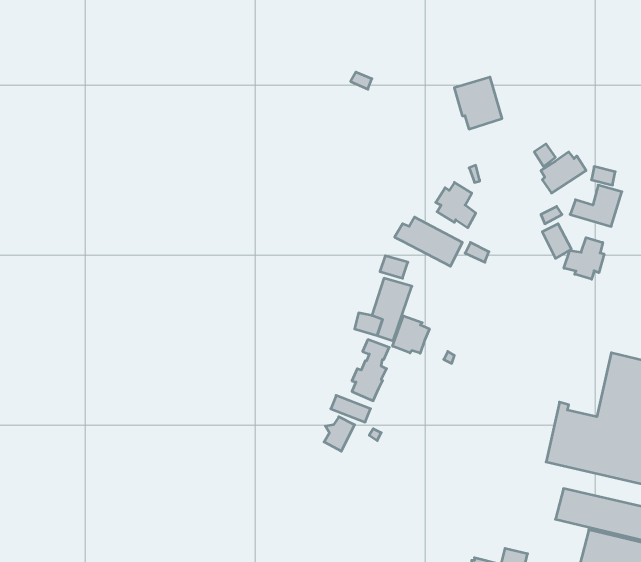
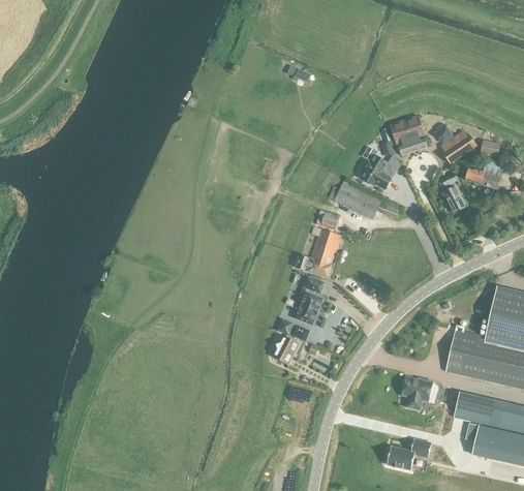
building: [454,77,502,129] -> [391,115,428,155]
building: [564,238,604,279] -> none
building: [393,316,429,353] -> none
building: none -> [402,376,438,409]

